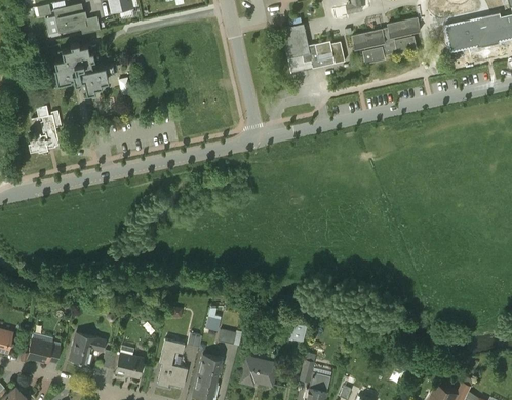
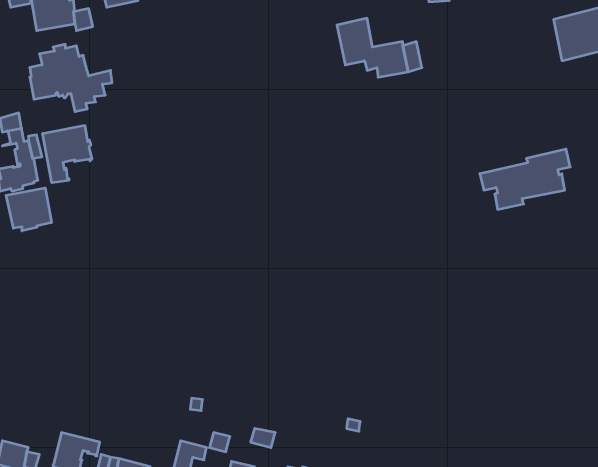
building: [353,17,421,63] -> [480,149,570,209]
building: none -> [43,126,92,183]
building: none -> [6,188,51,231]

